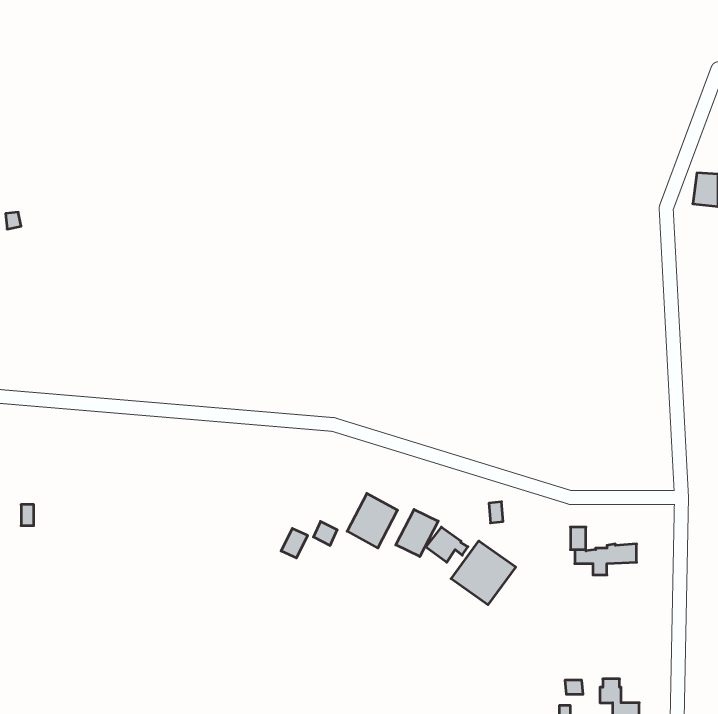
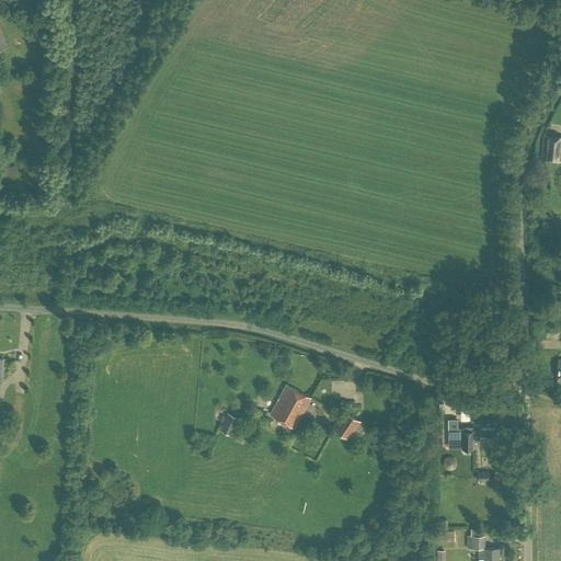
building: [396,509,438,557] -> none
building: [451,541,516,605] -> none

